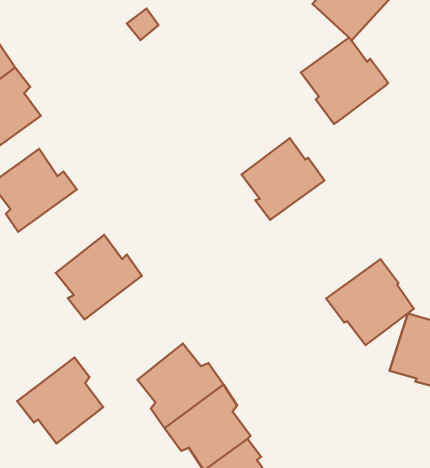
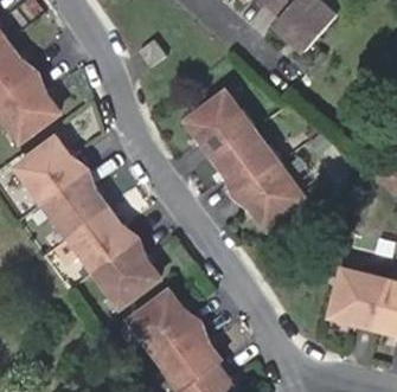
building: [301,38,388,124] -> [184,91,252,159]
building: none -> [37,169,104,234]
building: [326,259,414,345] -> [235,162,303,230]
building: [17,357,103,444] -> [89,237,156,304]

